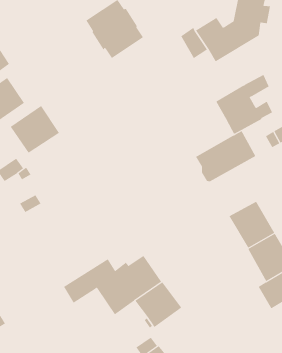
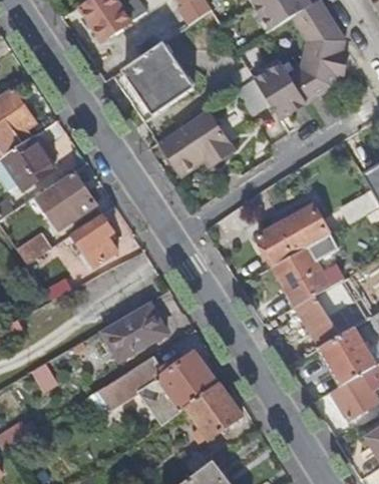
building: none -> [161,109,234,174]
building: [216,74,273,135] -> [275,232,344,306]
building: none -> [71,213,117,266]
building: none -> [101,303,166,360]

